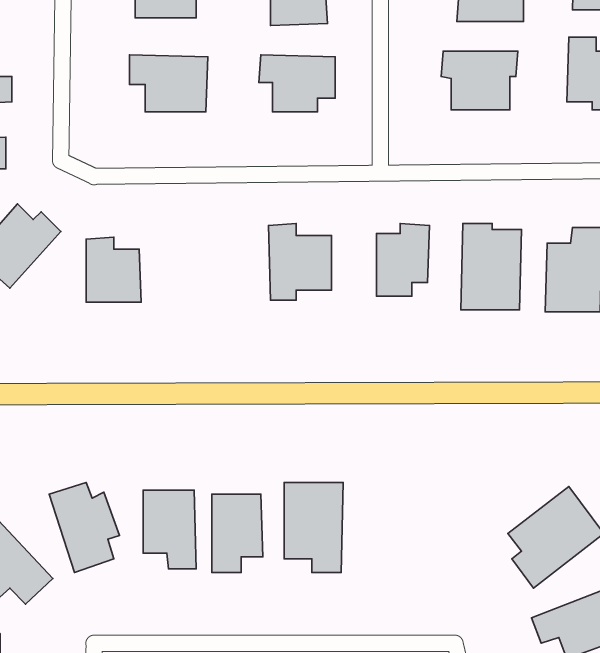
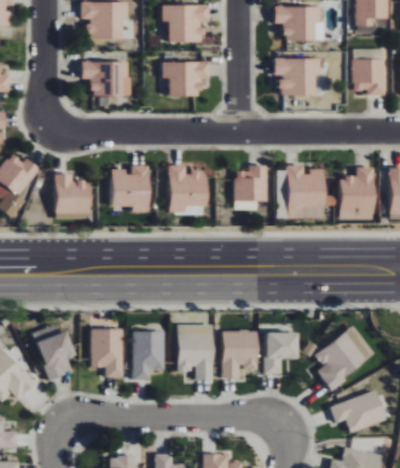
building: none -> [111,165,150,213]
building: none -> [222,330,259,379]
building: none -> [266,333,298,374]

